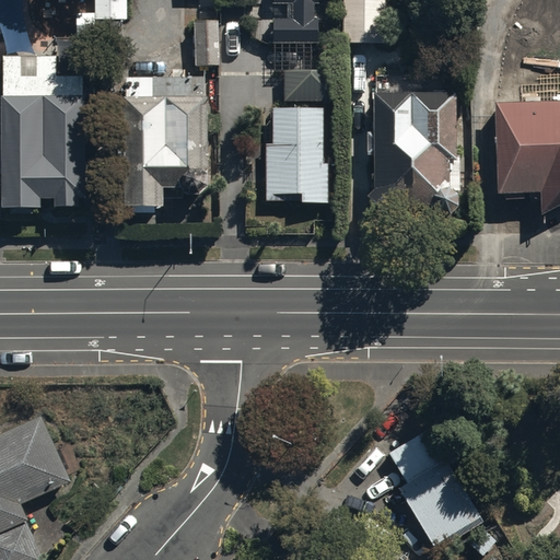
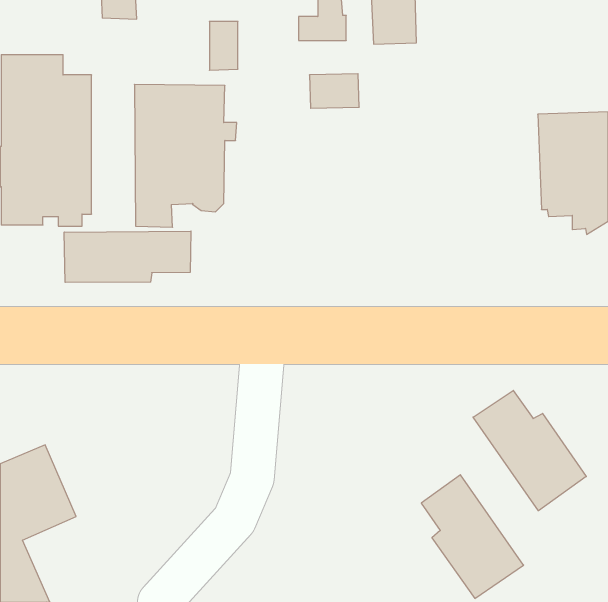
building: [365,94,459,217] -> none
building: [264,106,328,202] -> none
building: none -> [64,231,191,282]
building: none -> [473,390,586,511]

